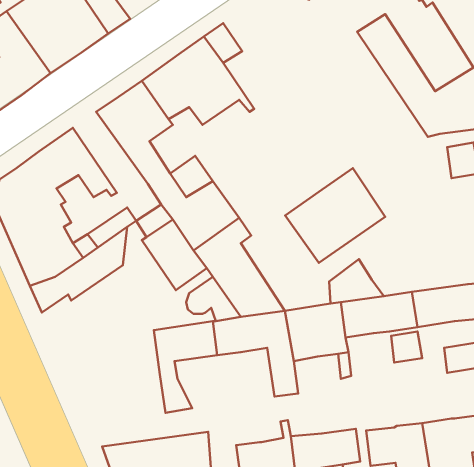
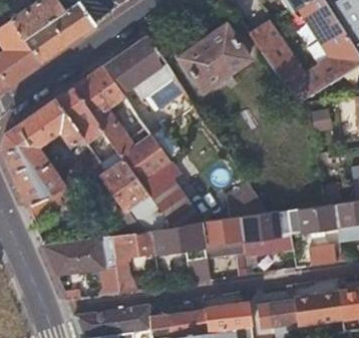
building: none -> [56,87,107,142]
building: [285,168,385,263] -> [180,26,248,90]
building: none -> [45,237,119,295]

